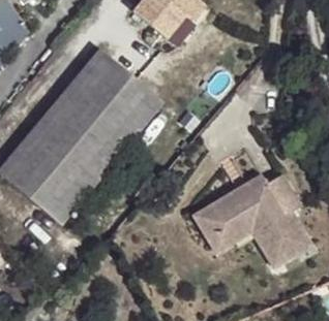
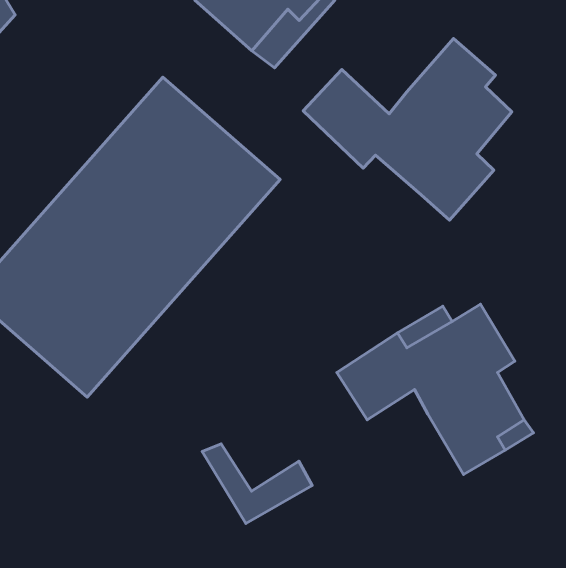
building: none -> [303,39,512,220]
building: [188,208,248,252] -> [202,444,312,523]

